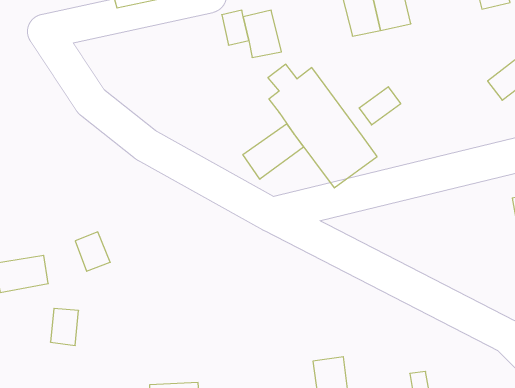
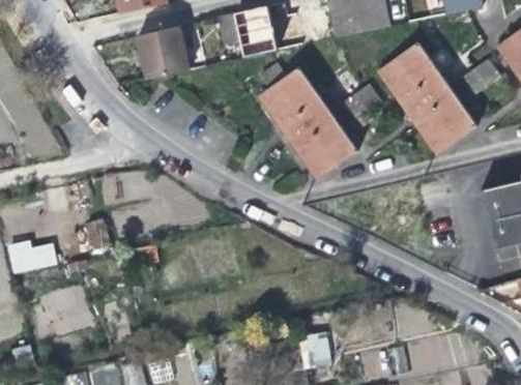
building: none -> [136,26,186,79]
building: none -> [378,40,479,153]
building: [243,124,303,179] -> none

